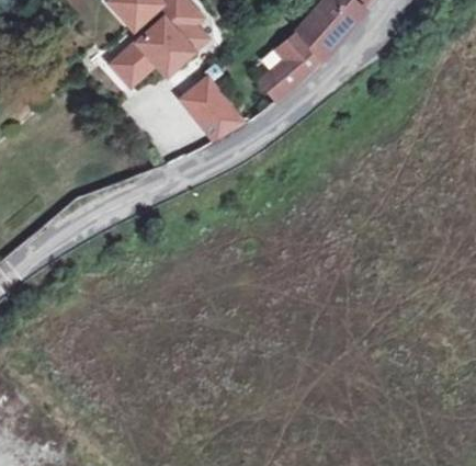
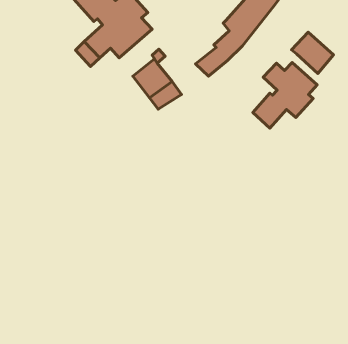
building: none -> [292,32,333,74]
building: none -> [253,62,317,128]

